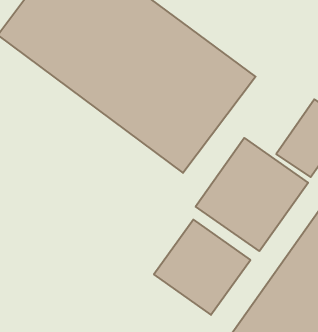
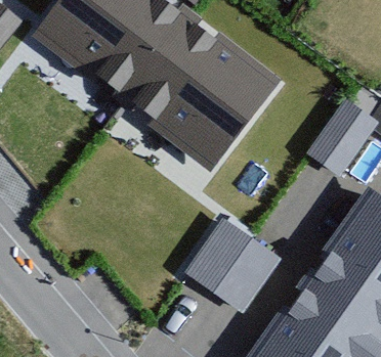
building: [196,138,308,251] -> none

